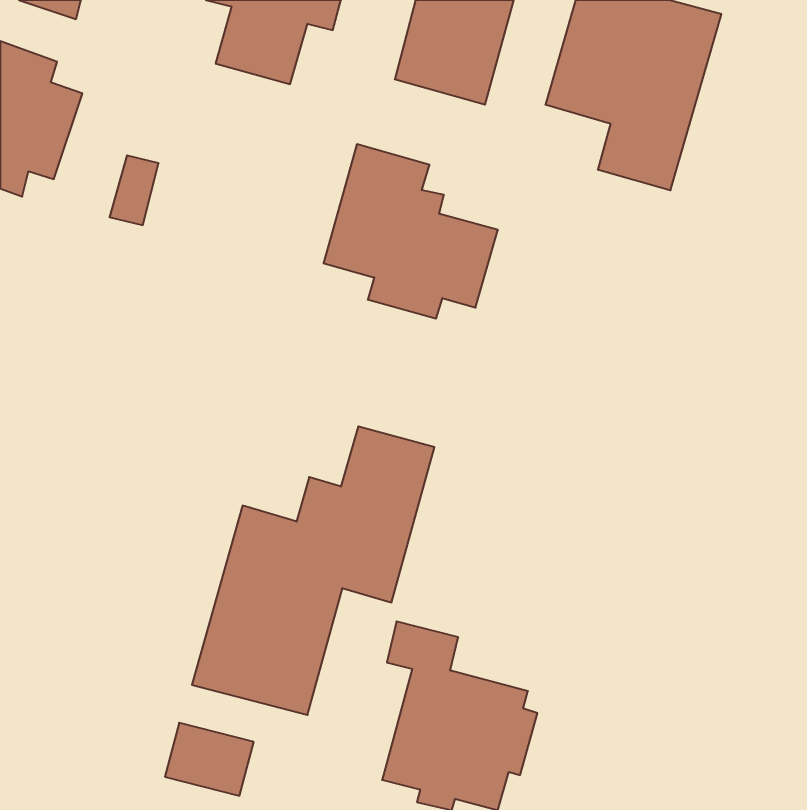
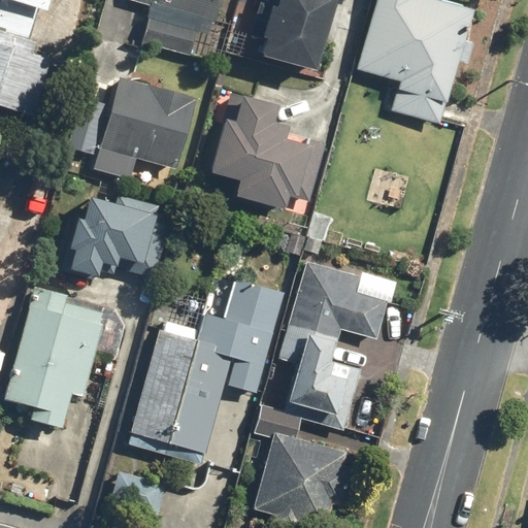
building: none -> [92,76,195,174]
building: none -> [73,194,170,277]
building: none -> [277,260,388,427]
building: none -> [6,285,104,427]

